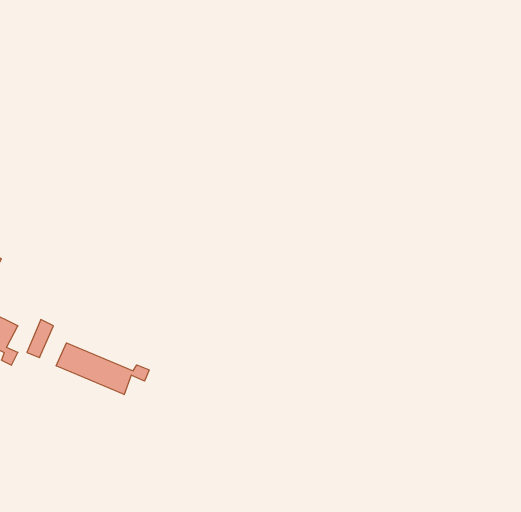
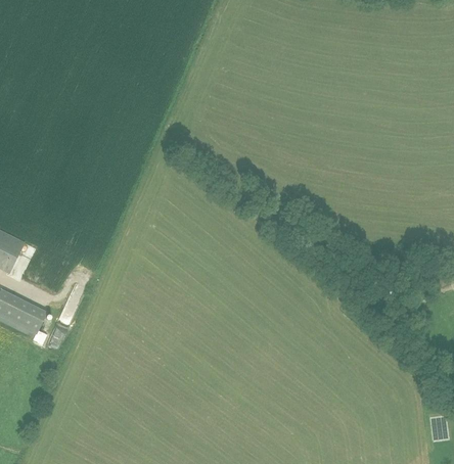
building: [56,343,149,395] -> none

